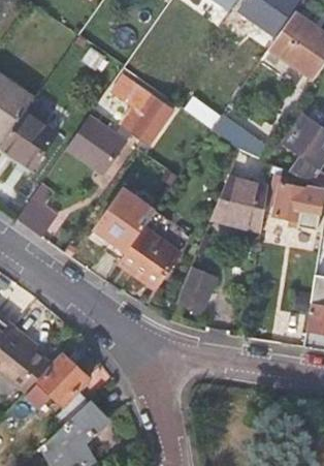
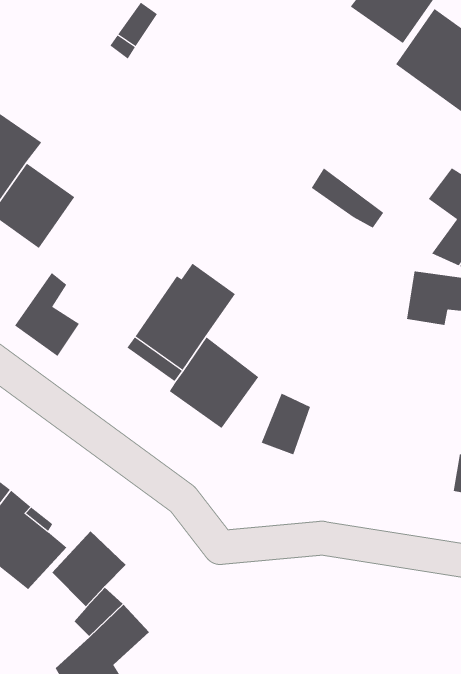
building: [70,74,174,173] -> none
building: [213,177,269,230] -> none

